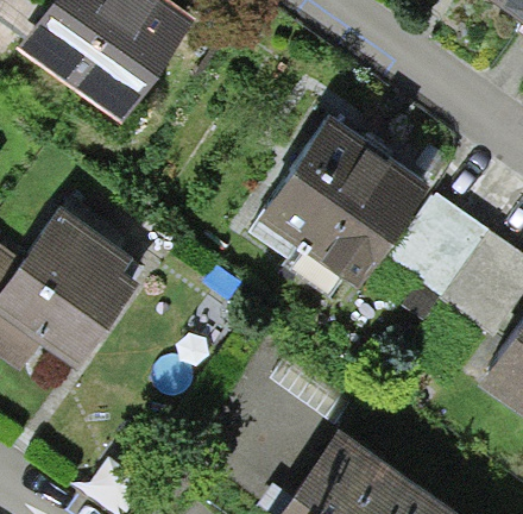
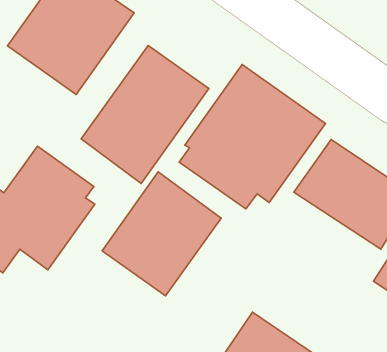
building: none -> [81,45,209,183]
building: none -> [102,172,221,296]

